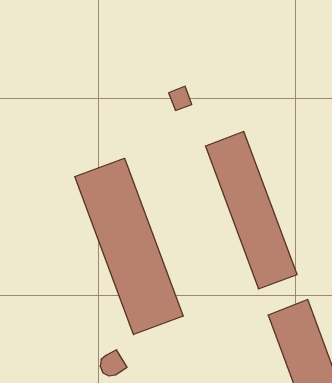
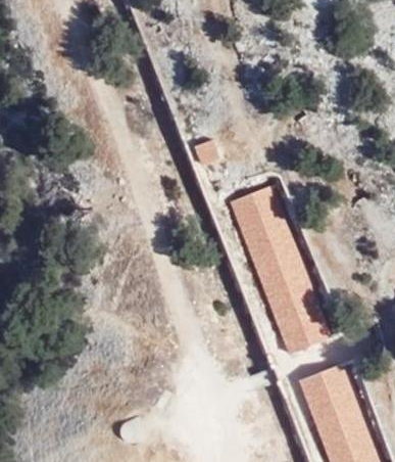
building: [75,158,183,335] -> none

